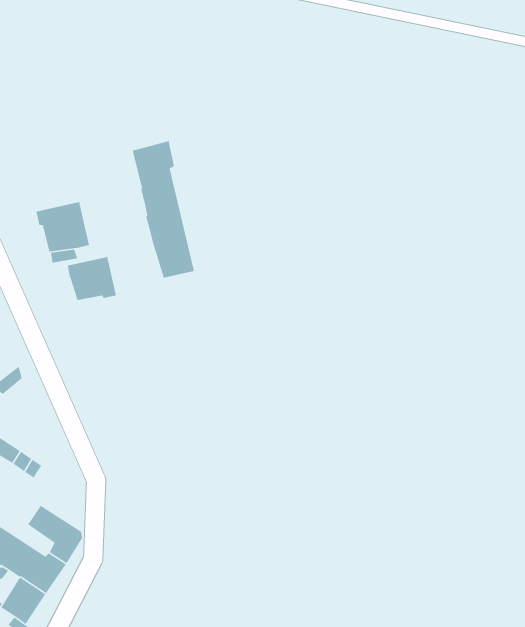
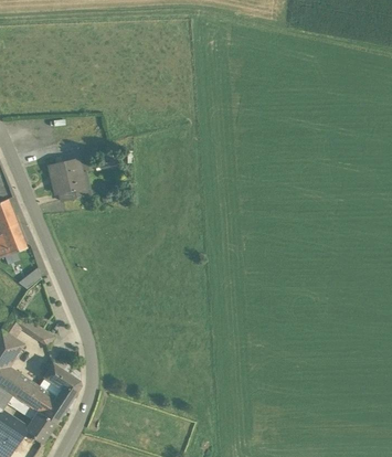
building: [131,140,195,279] -> none
building: [67,256,117,301] -> none

